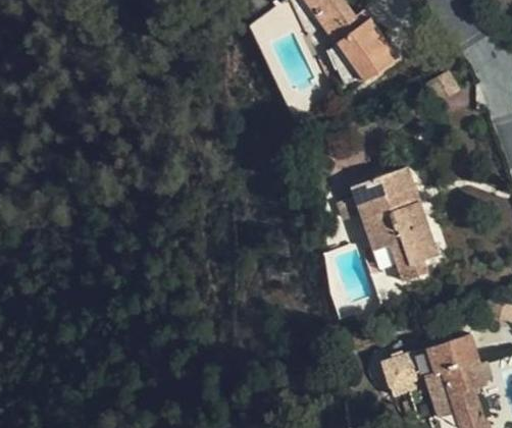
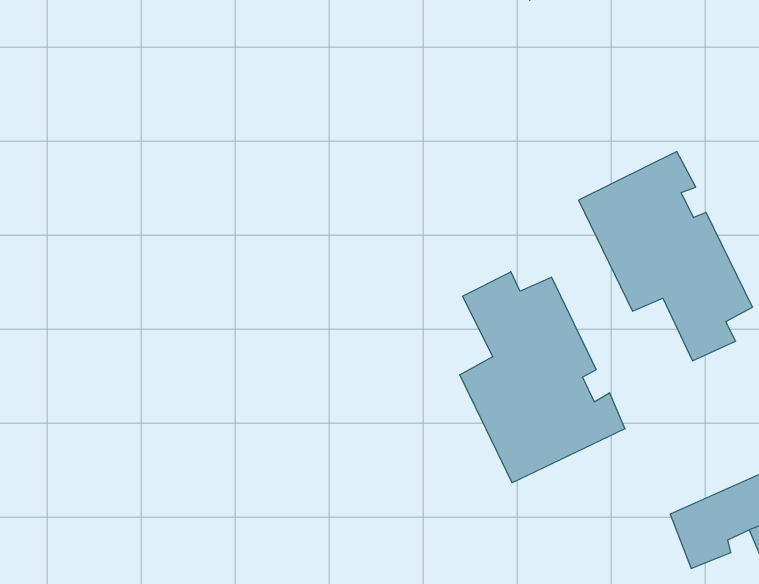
building: none -> [460,272,625,483]

